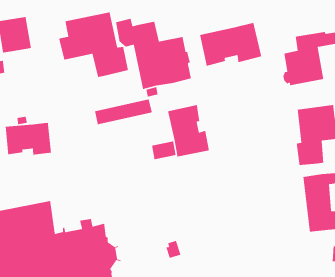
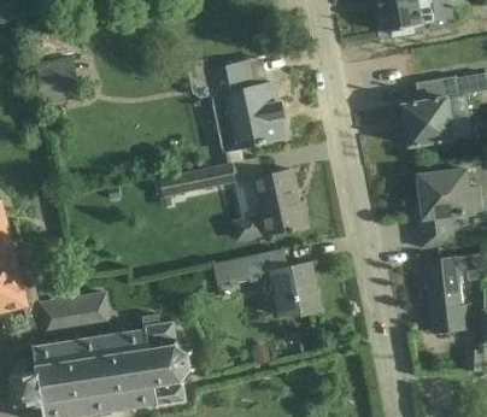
building: [58,11,129,78] -> none
building: [199,22,262,67] -> none
building: [5,122,52,156] -> none
building: none -> [213,249,321,315]

